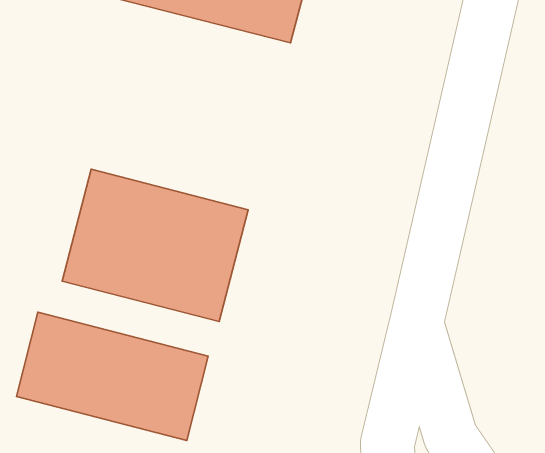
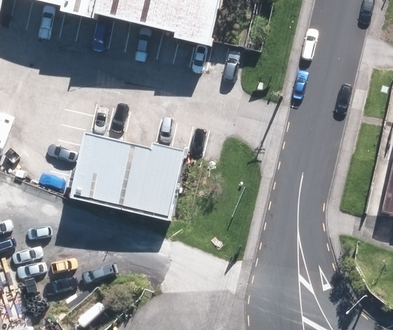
building: [17,312,208,441] -> none

